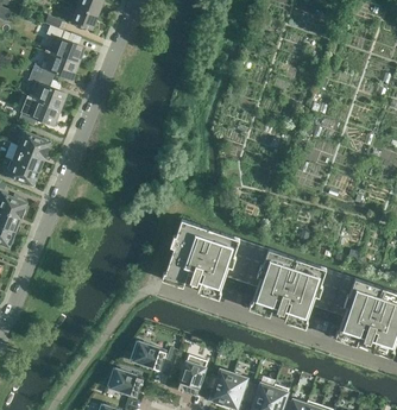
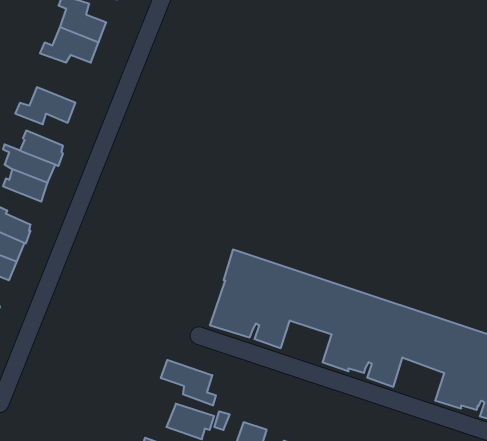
building: [29,70,65,108] -> none
building: none -> [161,360,216,405]

